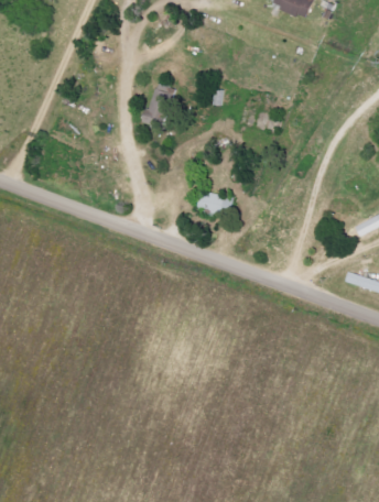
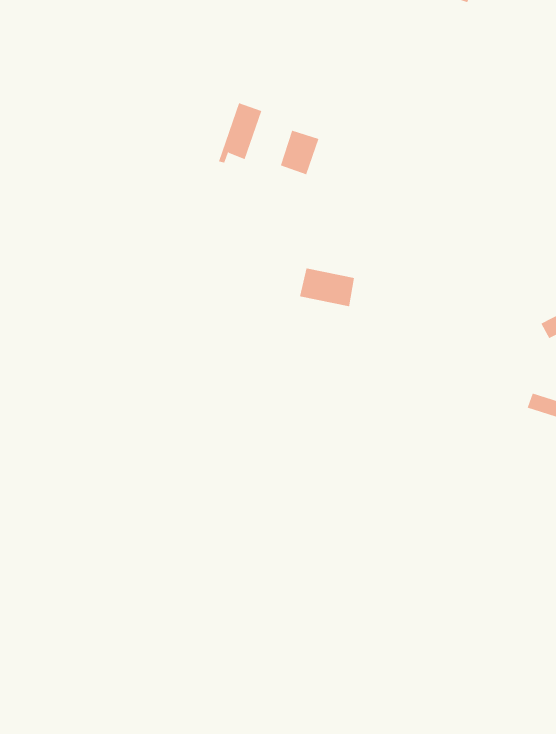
building: none -> [280,130,319,175]

